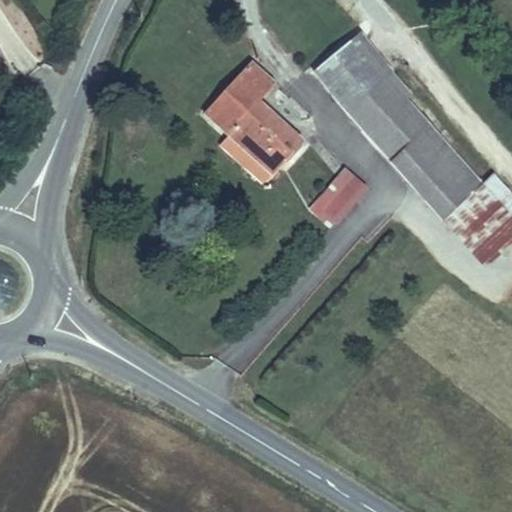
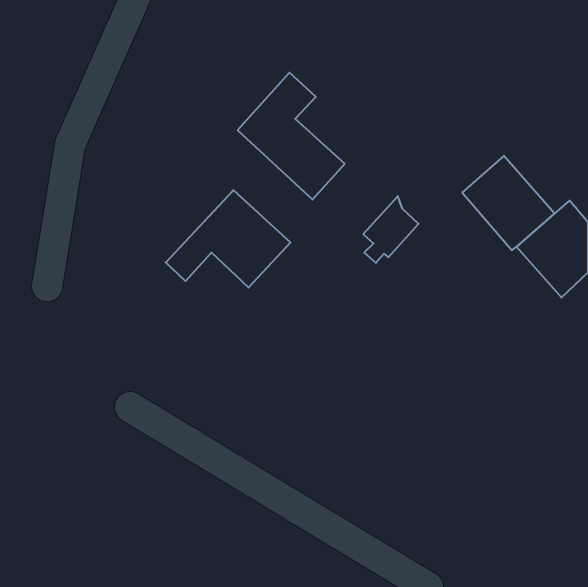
building: [314,33,437,167] -> none
building: none -> [166,190,290,288]

